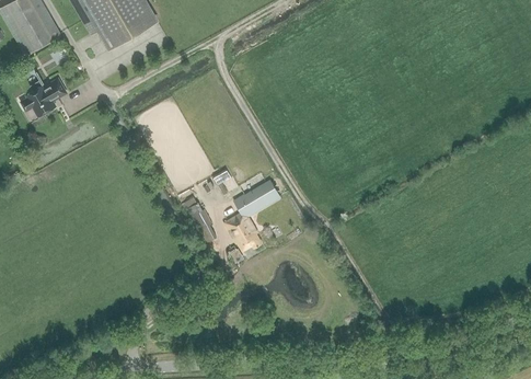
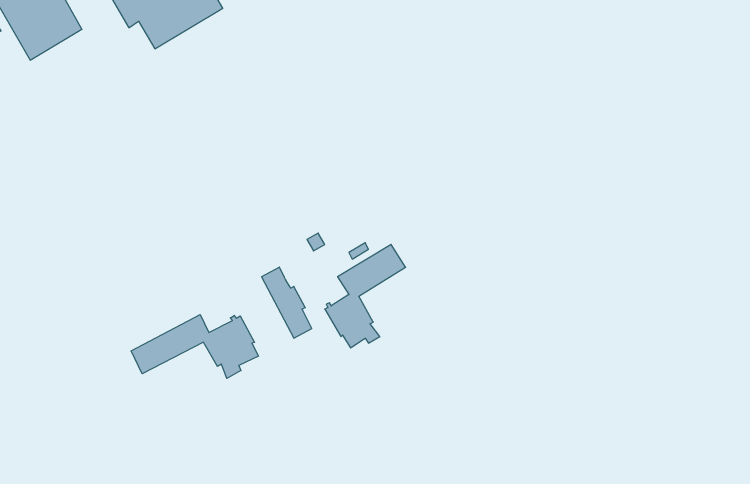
building: [22,79,67,116] -> none
building: none -> [131,315,258,378]

